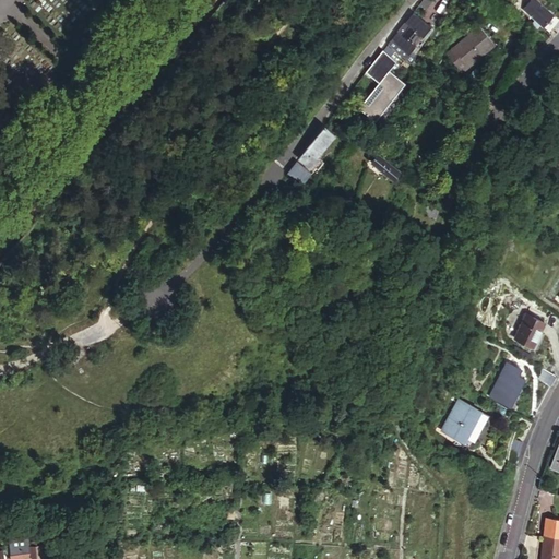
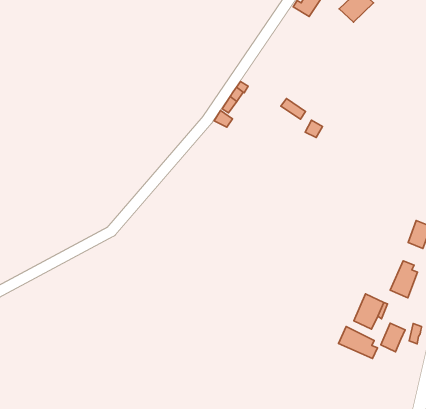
building: [360,52,407,122] -> none
building: none -> [381,323,405,352]
building: none -> [338,326,377,358]

